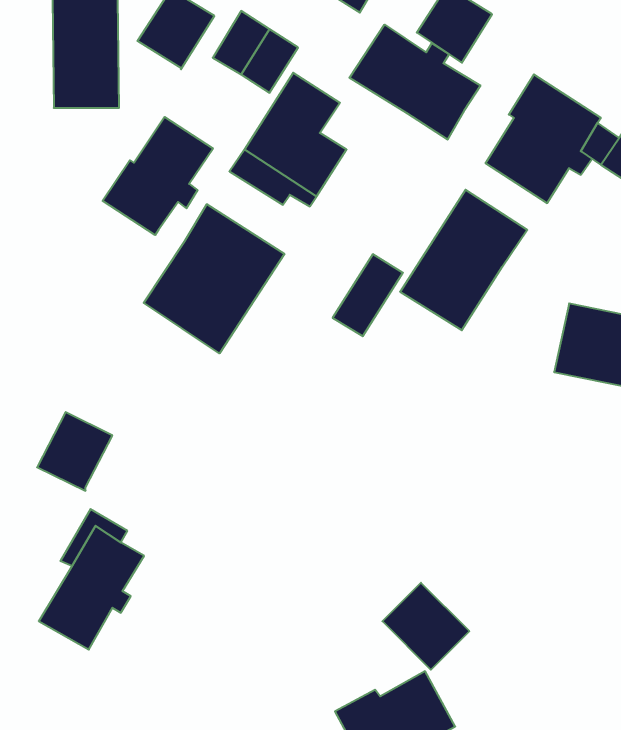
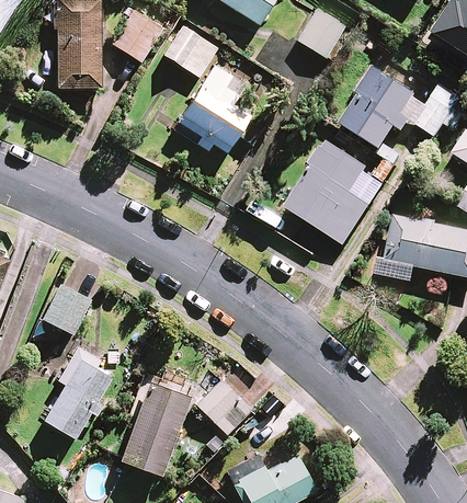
building: [349,25,480,140] -> none
building: [103,117,213,235] -> none
building: [144,204,284,353] -> none
building: [333,254,403,336] -> [322,190,368,243]
building: none -> [123,384,193,477]
building: [382,583,469,670] -> [197,380,254,437]

